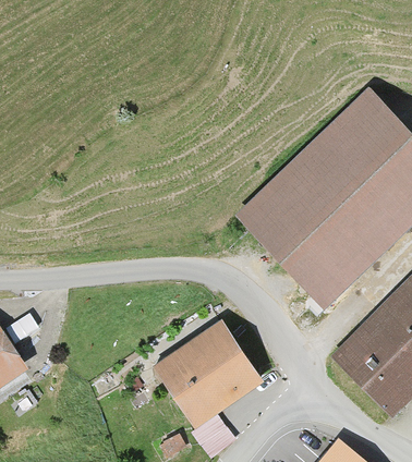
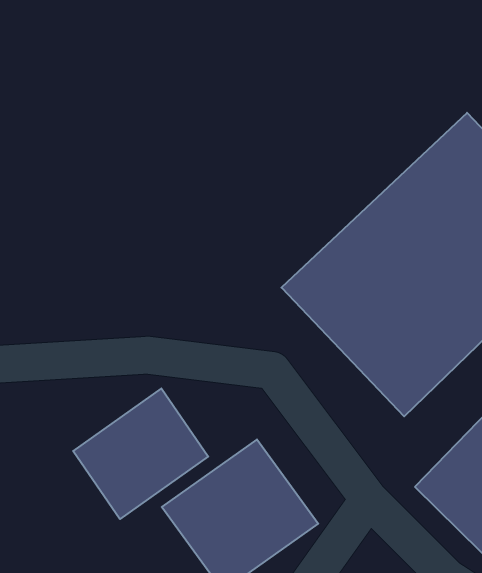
building: none -> [73,388,208,519]

